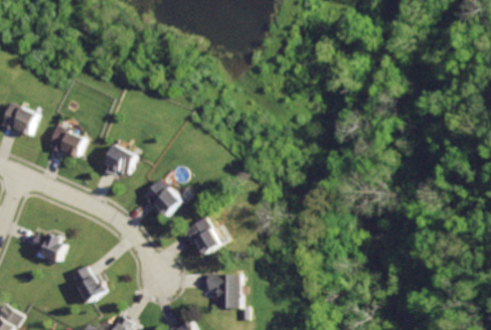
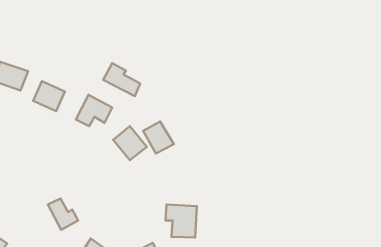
building: none -> [103,63,140,96]
building: [187,220,223,259] -> [143,121,174,154]
building: [27,228,64,263] -> none

